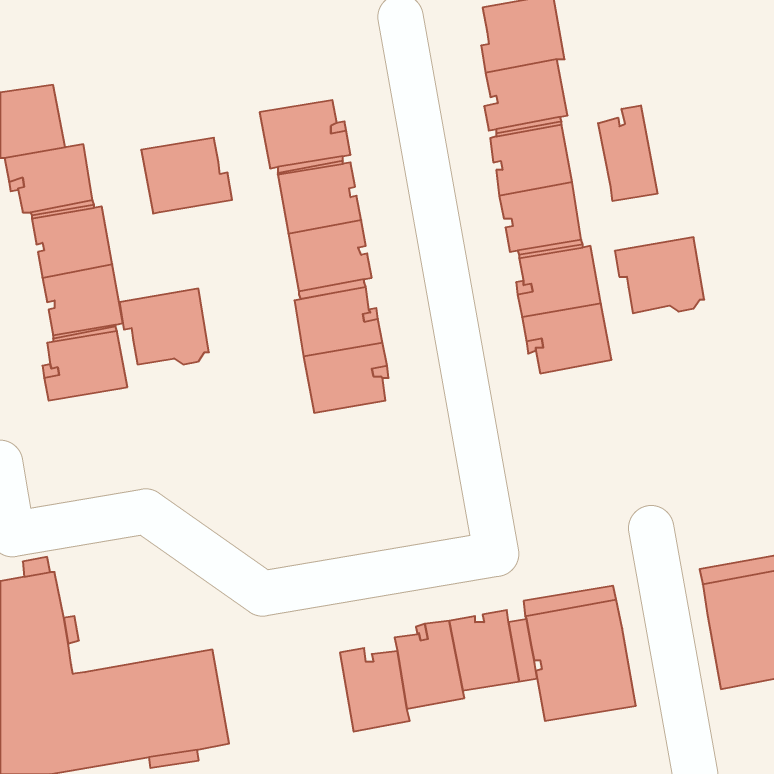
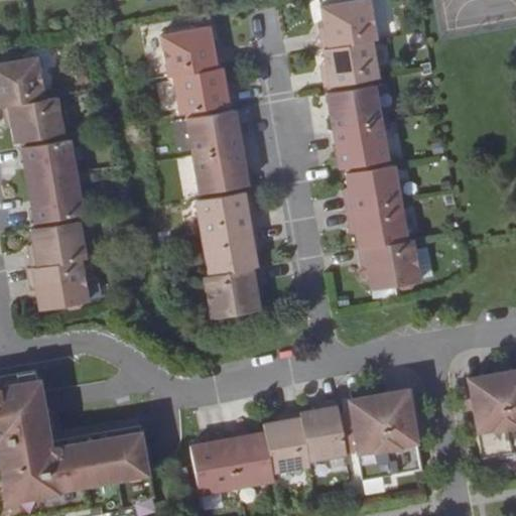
building: [598,105,657,201] -> none
building: [141,138,232,214] -> [161,25,222,76]
building: [615,237,704,313] -> [360,239,419,289]
building: [119,289,209,364] -> [28,258,88,308]
building: none -> [206,266,261,320]
building: none -> [189,433,236,492]

